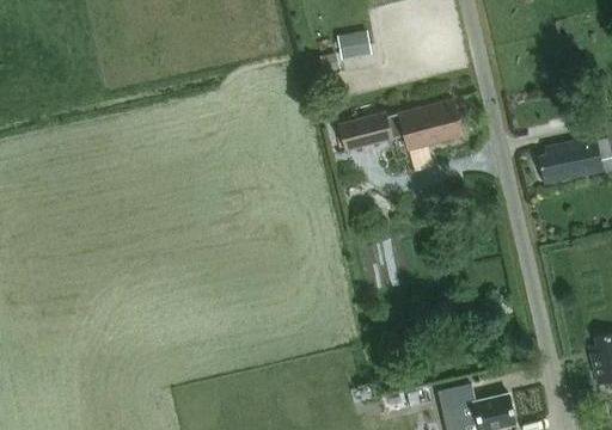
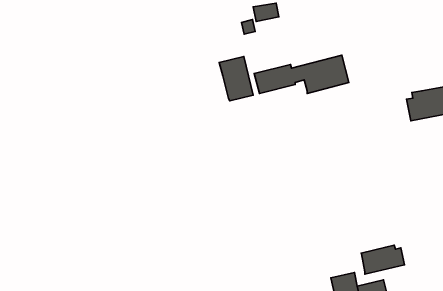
building: none -> [219,56,253,101]
building: none -> [361,245,404,274]

